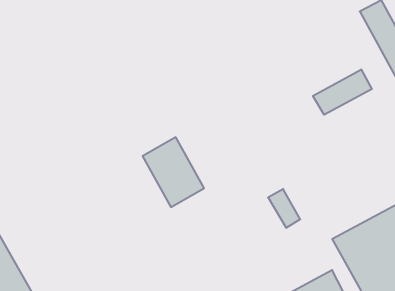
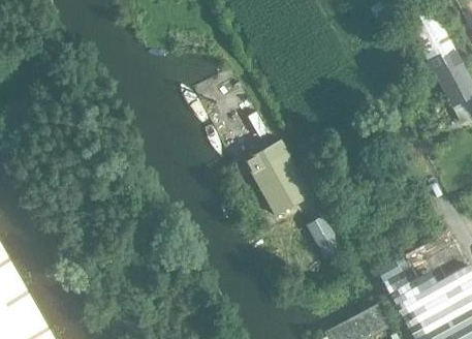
building: [313,69,372,115] -> none
building: [143,137,204,207] -> [244,140,311,216]

